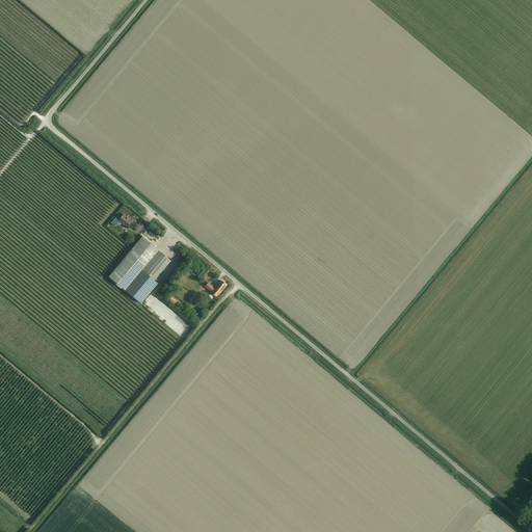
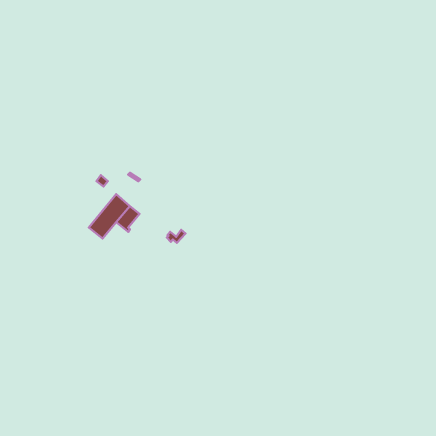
building: [125,270,157,303] -> none

